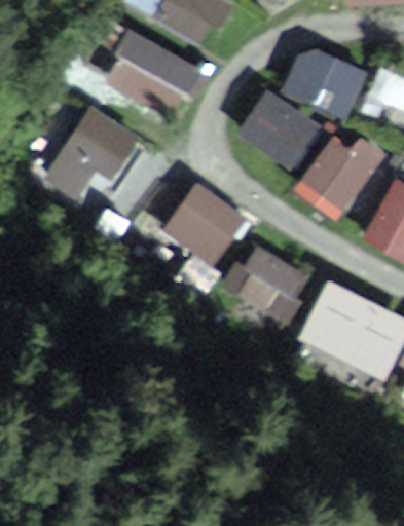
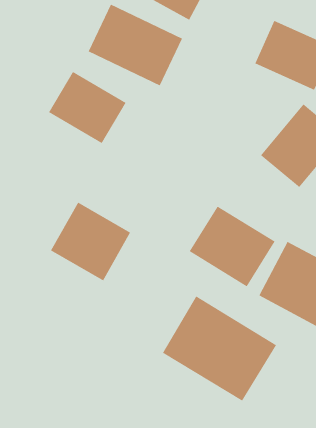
building: [234,91,318,168] -> none
building: [160,183,246,266] -> [50,202,131,281]
building: none -> [162,296,277,401]

